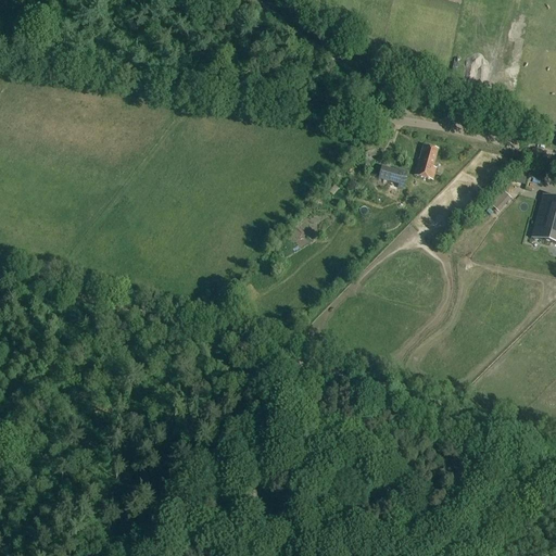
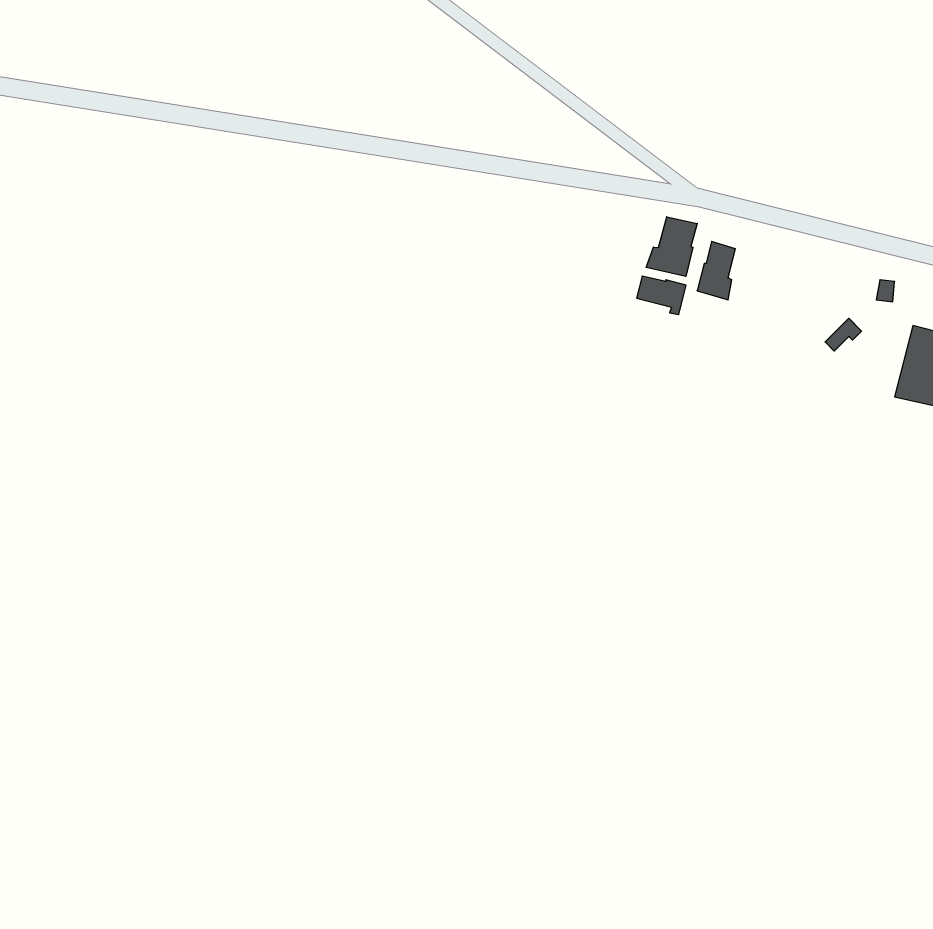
building: none -> [646,217,697,276]

